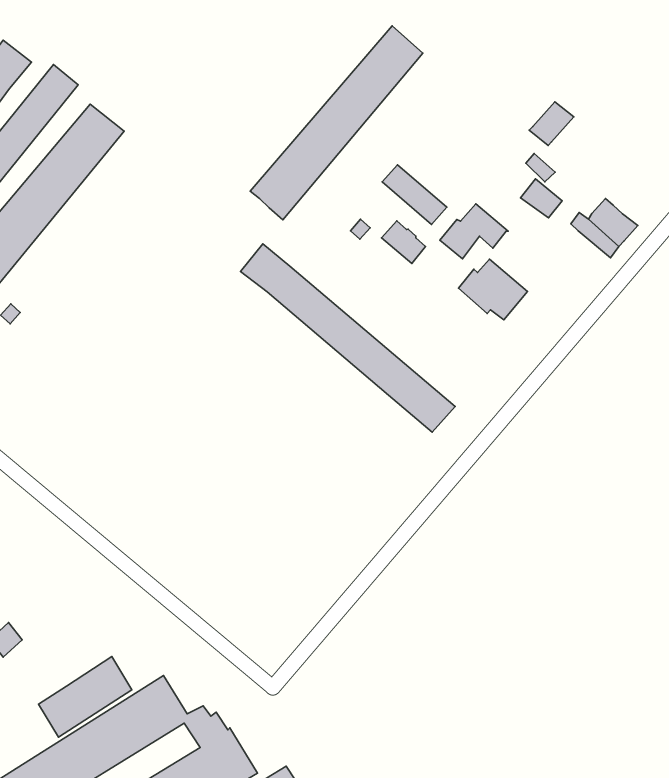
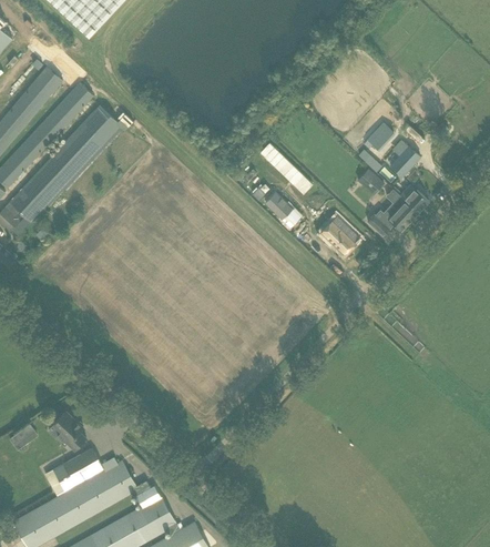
building: [250,26,423,220] -> none
building: none -> [390,139,420,176]
building: [440,204,508,259] -> [369,202,411,235]
building: [241,244,455,432] -> none
building: none -> [48,411,86,450]

